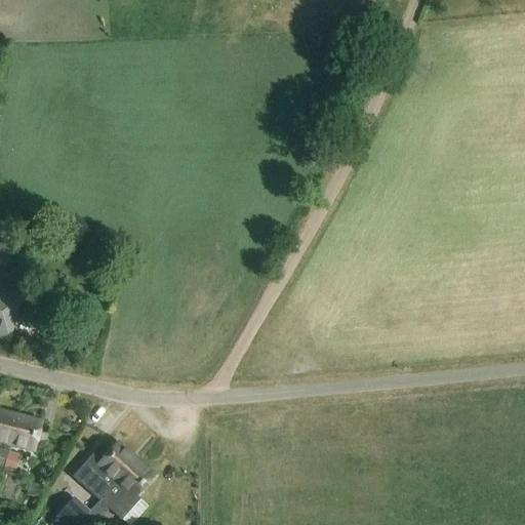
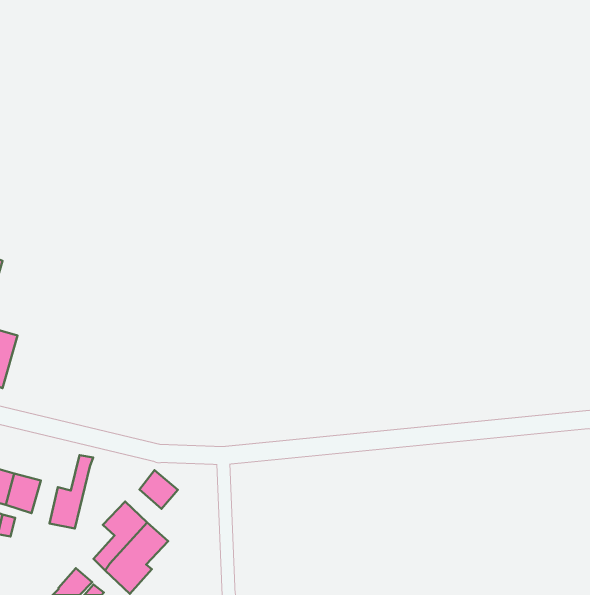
building: none -> [50,455,93,529]
building: none -> [139,470,178,509]

